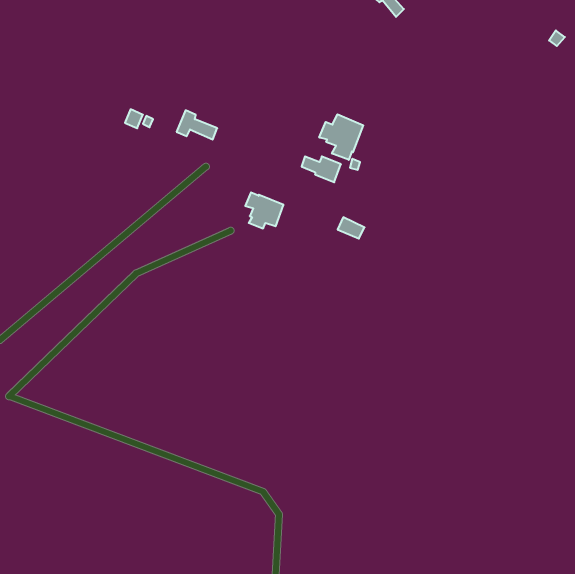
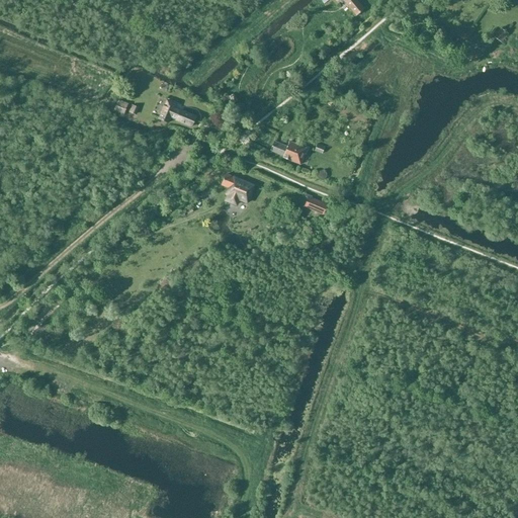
building: [319,114,363,160] -> none

